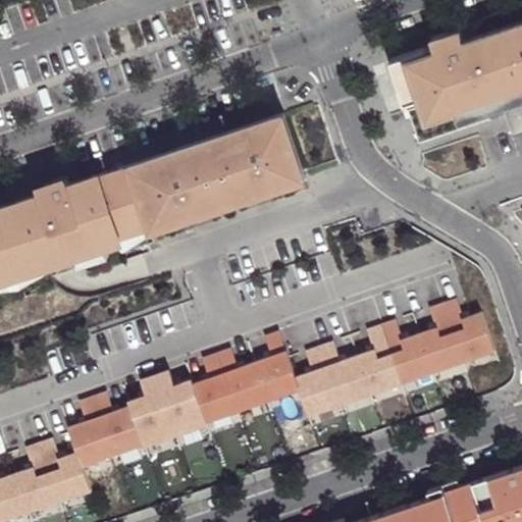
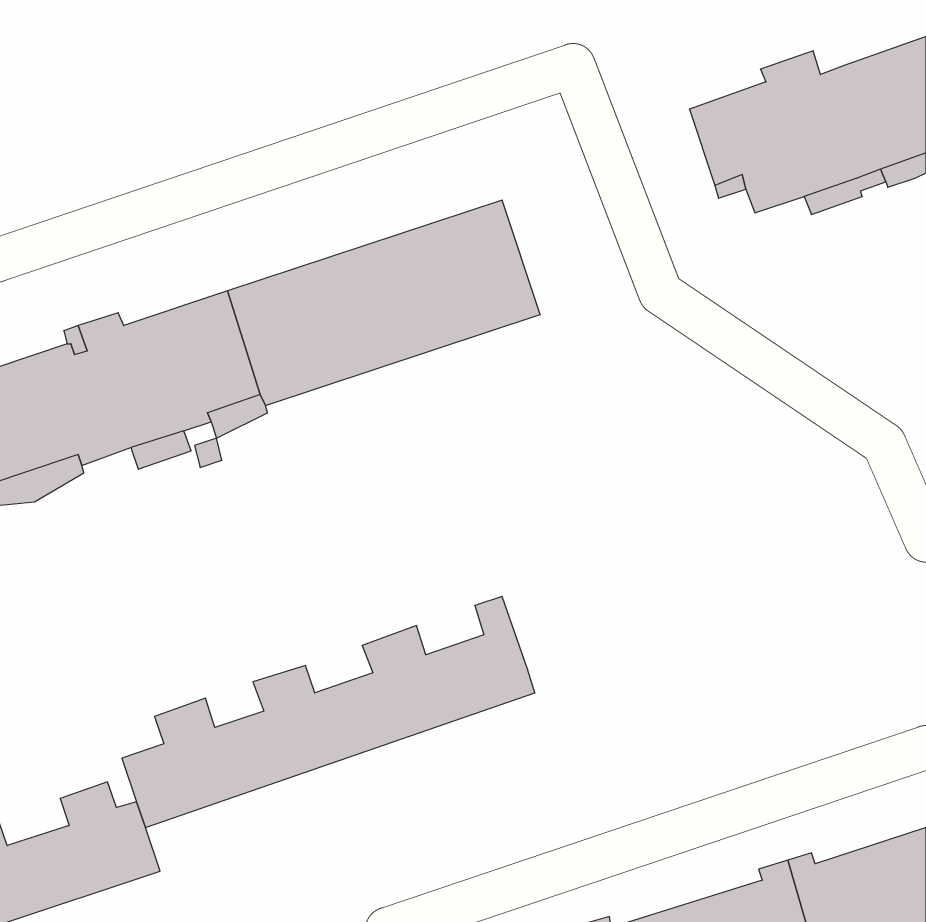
building: [296,304,497,418] -> none

